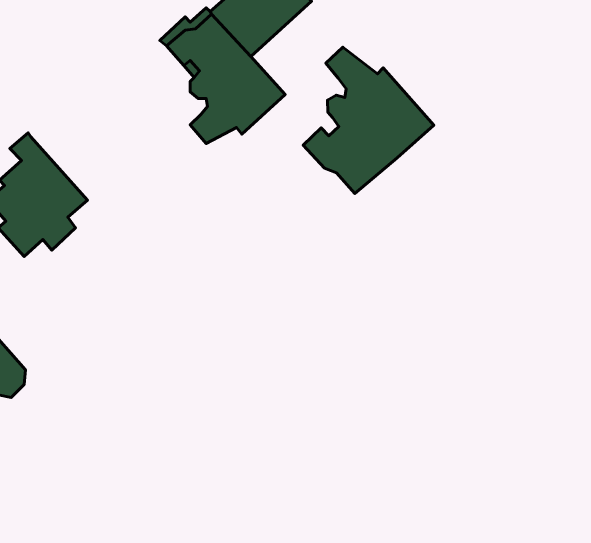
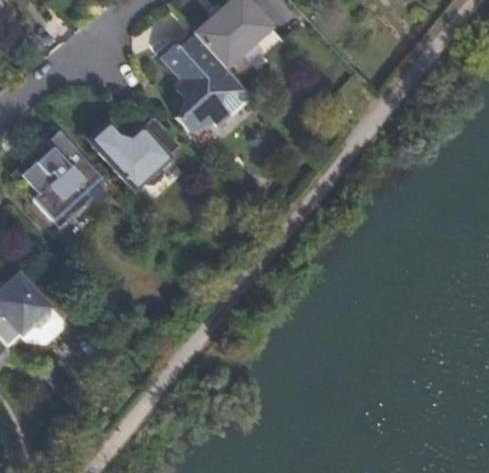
building: [303,47,434,194] -> none
building: none -> [87,117,179,190]

